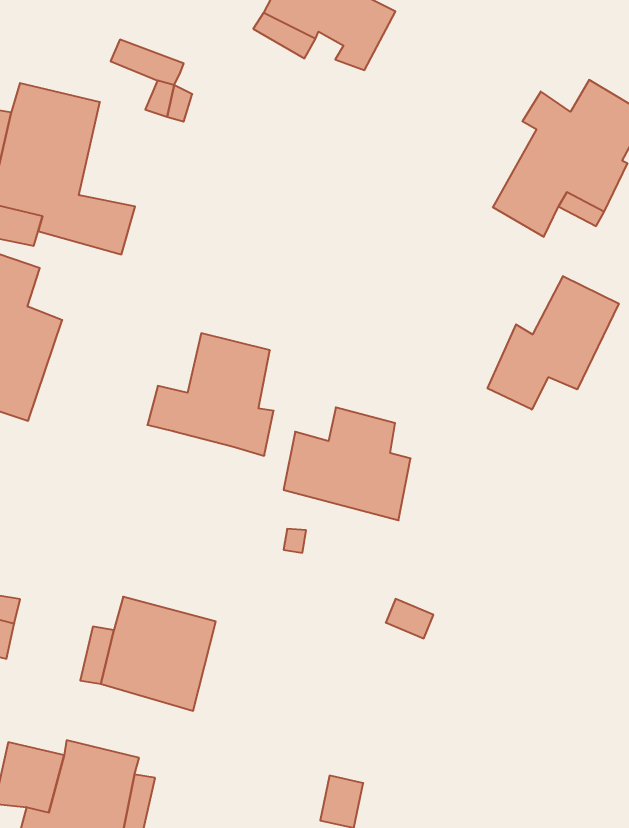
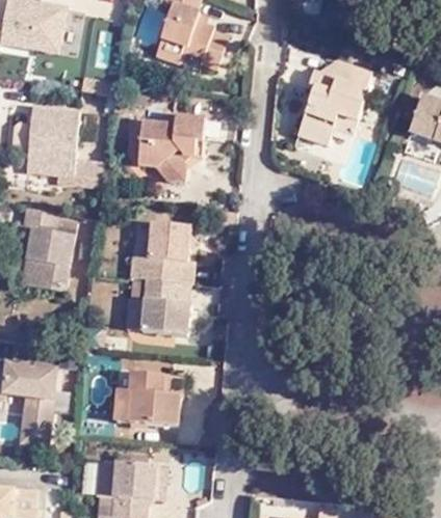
building: none -> [140,113,206,183]
building: [488,276,619,410] -> none
building: [284,407,411,520] -> [124,279,189,334]

